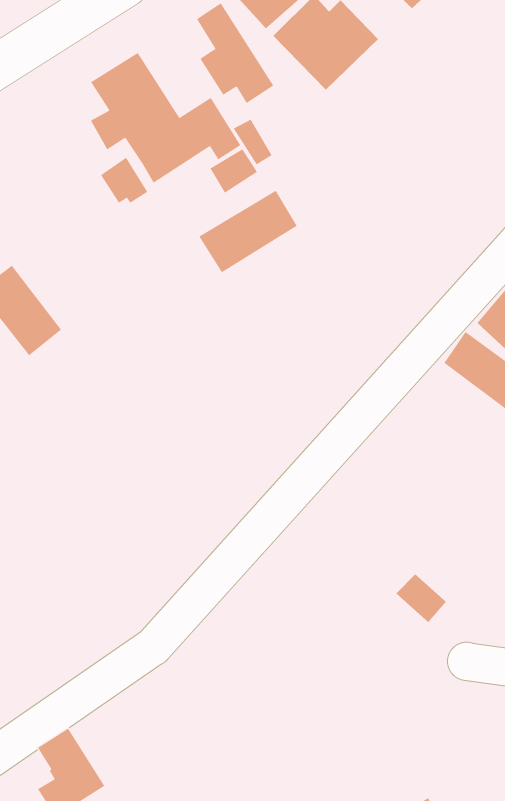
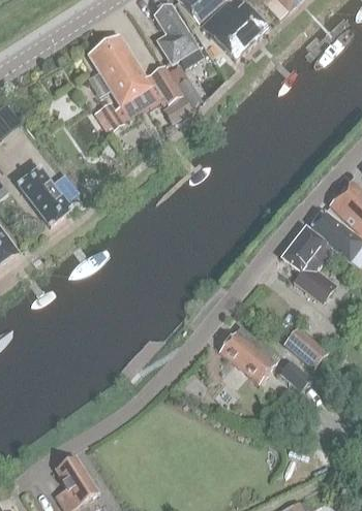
building: [199,190,298,273] -> none
building: none -> [280,227,333,300]
building: none -> [218,325,279,383]
building: none -> [282,325,328,374]

